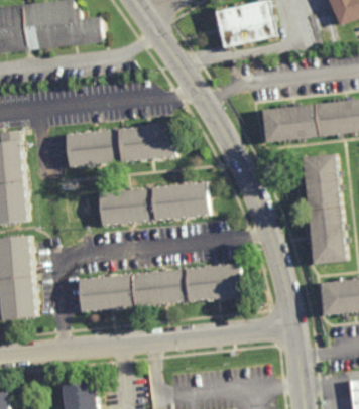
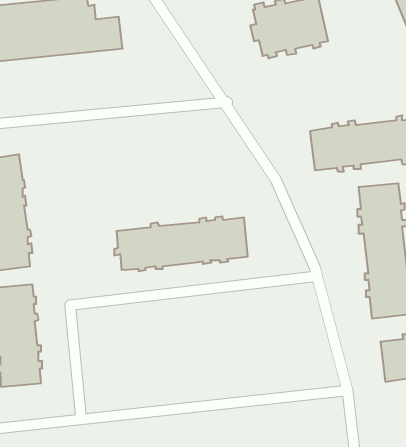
building: [67,124,174,168] -> none
building: [80,262,242,314] -> none

